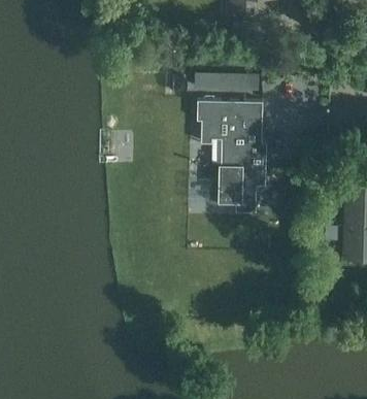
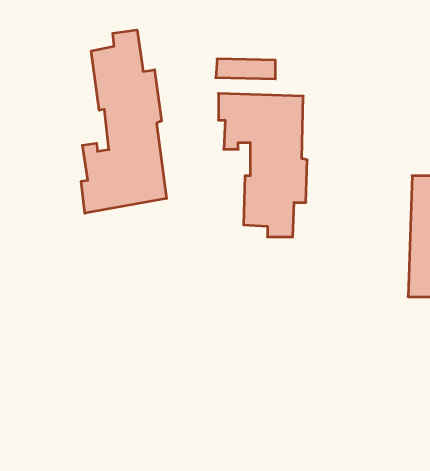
building: none -> [81,30,166,213]

